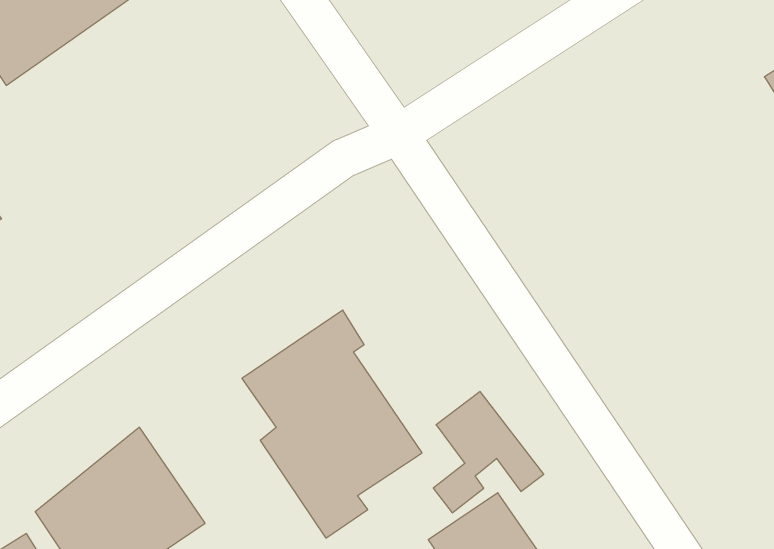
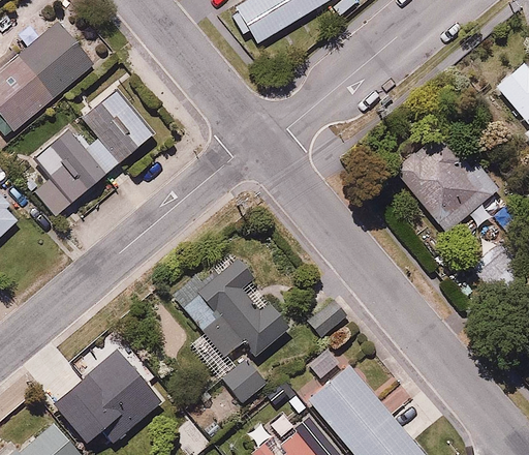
building: none -> [33,90,151,215]
building: none -> [388,142,500,230]

